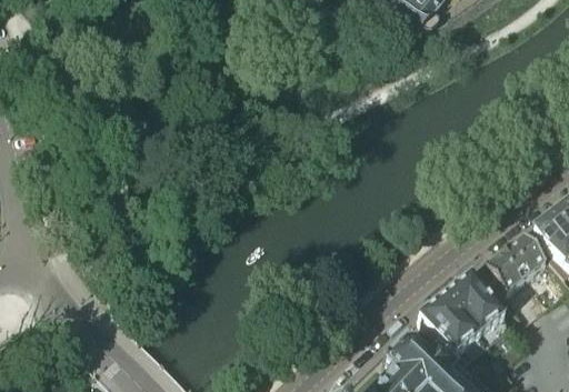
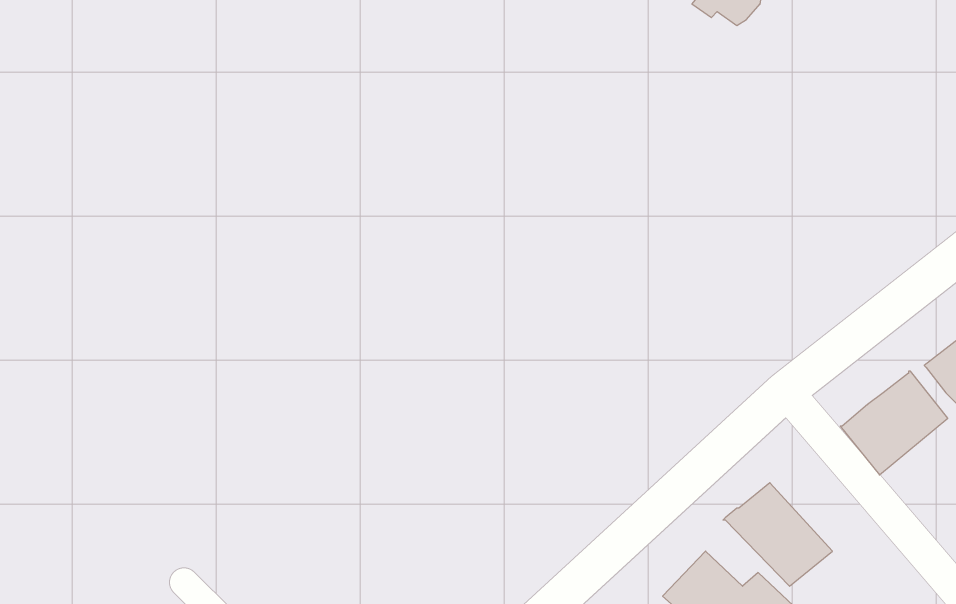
building: [445,275,505,334] -> none

